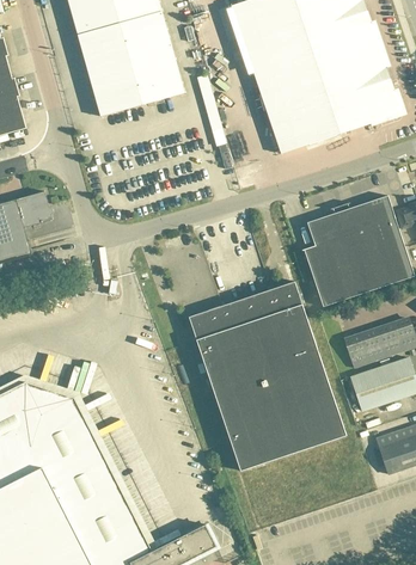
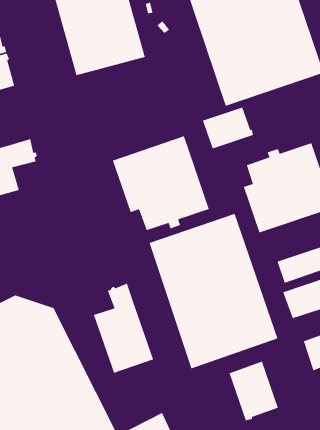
building: none -> [202,106,254,150]
building: none -> [112,135,210,231]
building: none -> [93,283,154,374]
building: none -> [229,360,279,421]

